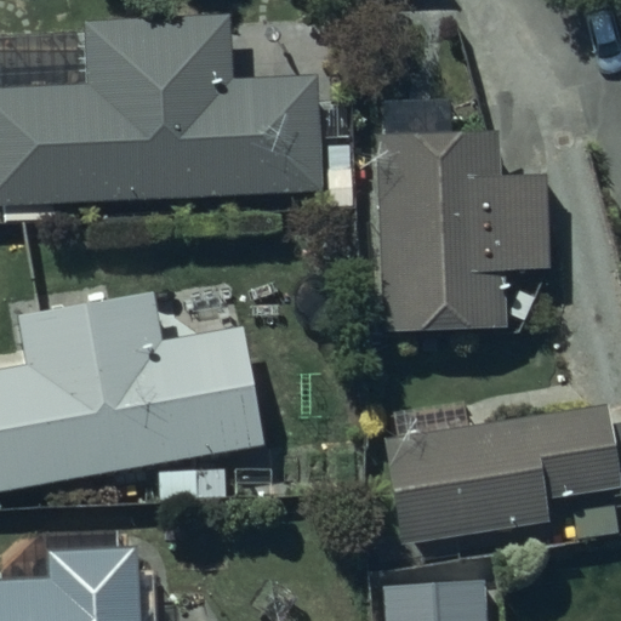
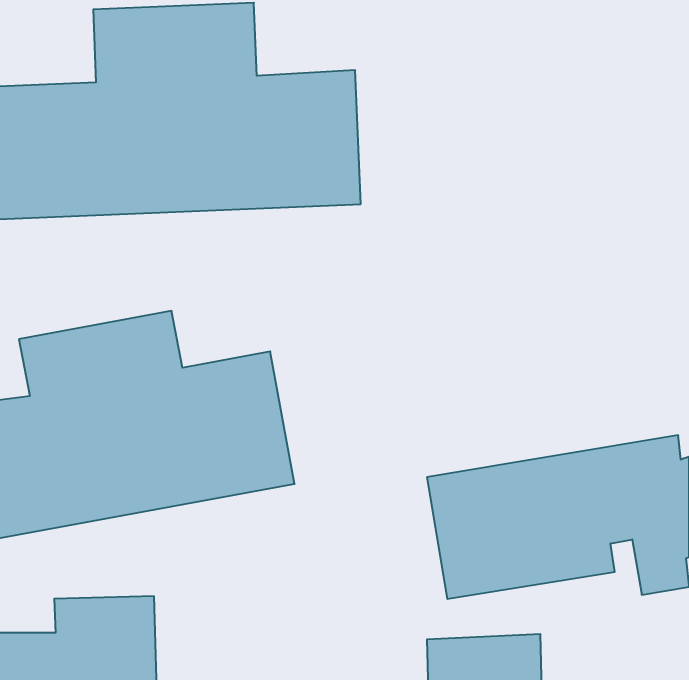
building: [378,126,548,331] -> none

